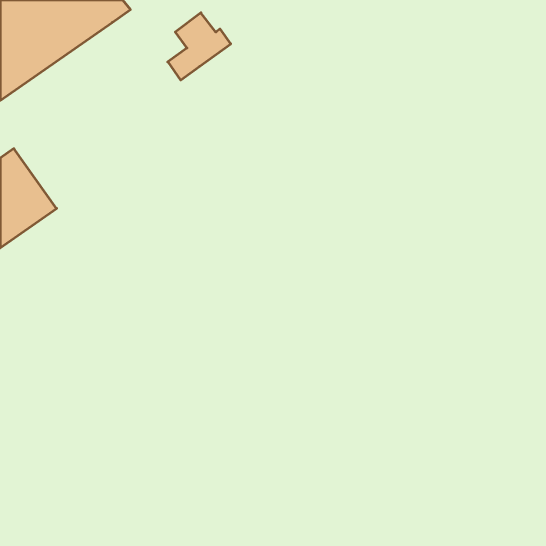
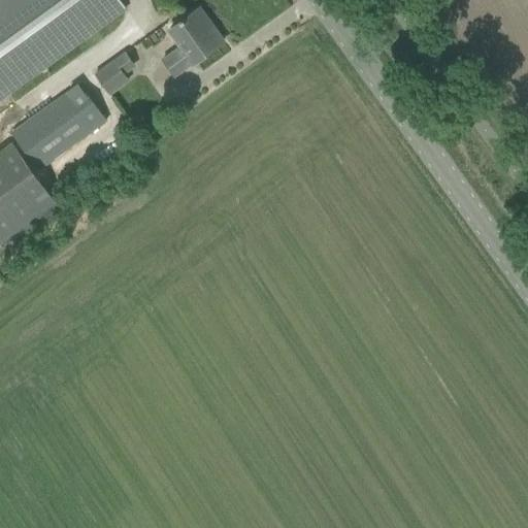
building: none -> [95,61,129,95]
building: none -> [11,85,105,170]

